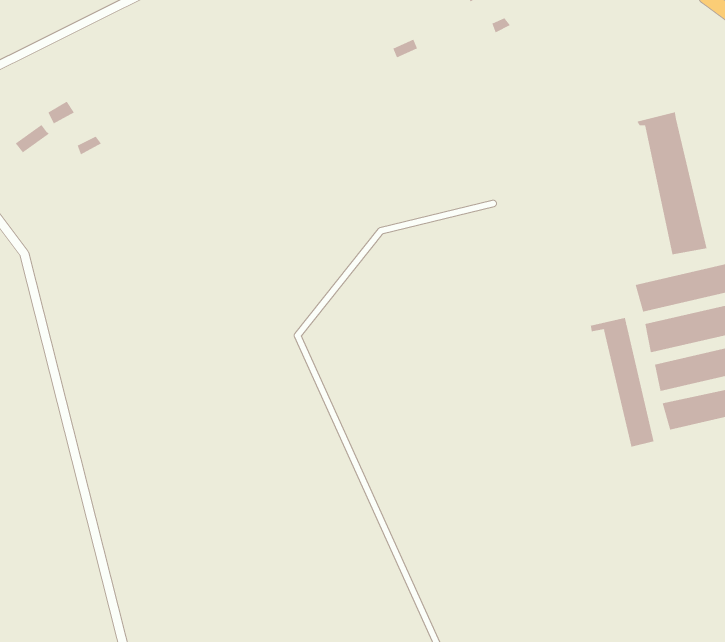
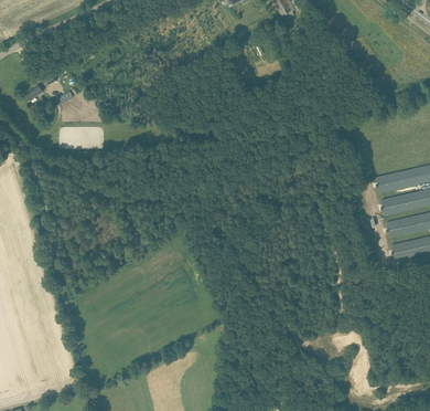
building: [637,111,707,255] -> none
building: [590,317,654,448] -> none

